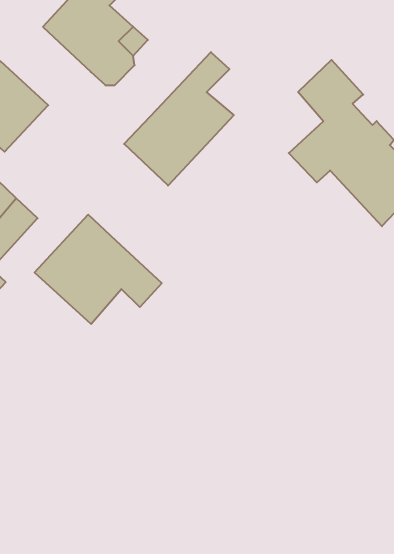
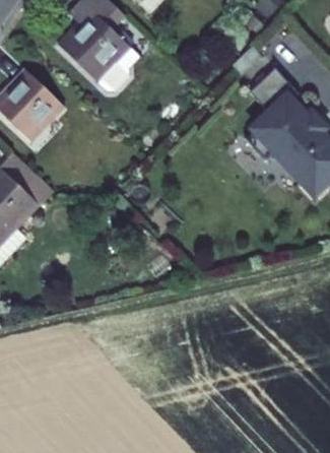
building: [124,52,234,186] -> none
building: [35,215,162,324] -> none

